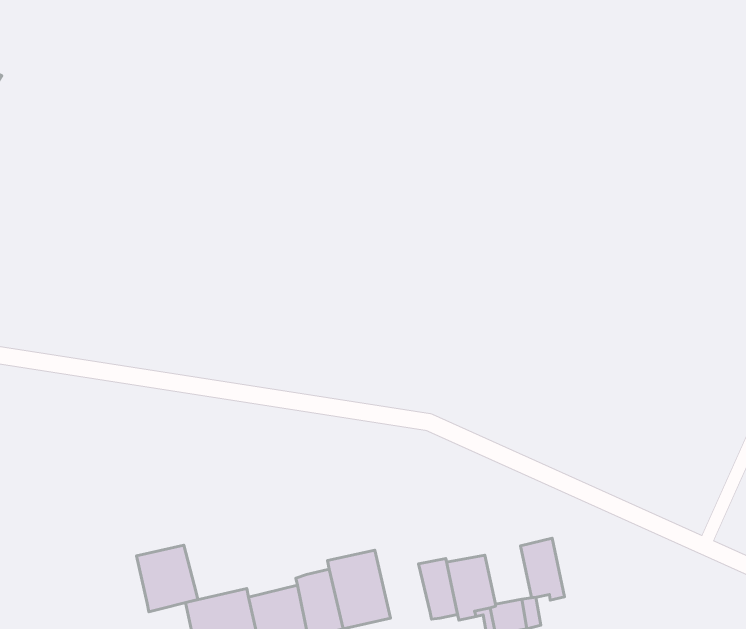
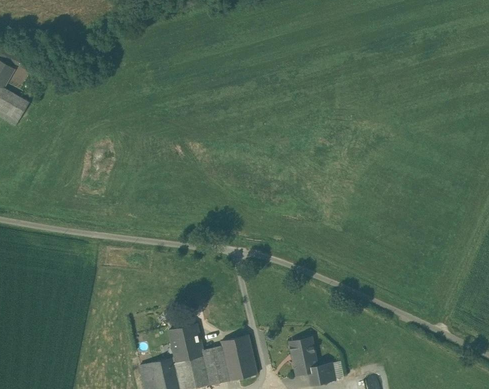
building: [521,538,565,600] -> none
building: [137,545,198,612] -> [168,324,203,362]
building: [418,559,458,619] -> none

